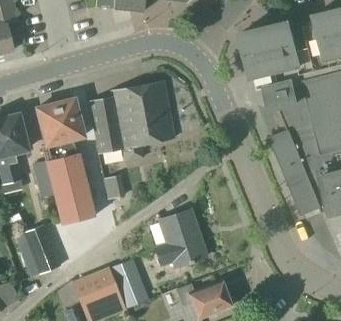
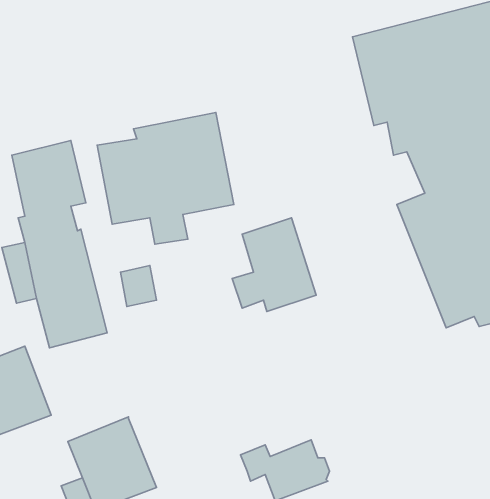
building: [154,210,205,267] -> [232,218,316,312]
building: [109,258,150,310] -> none

